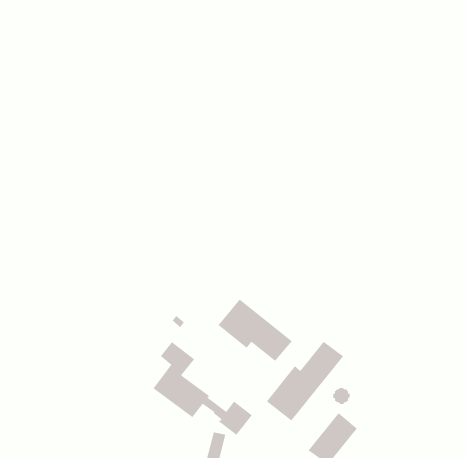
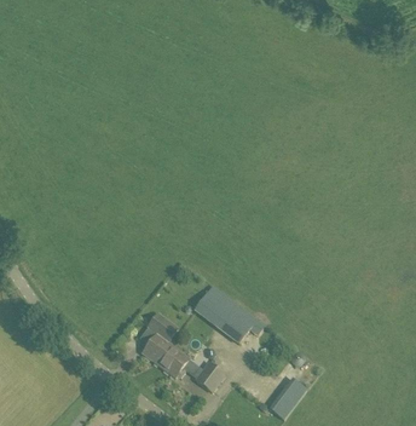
building: [266,341,344,421] -> none

